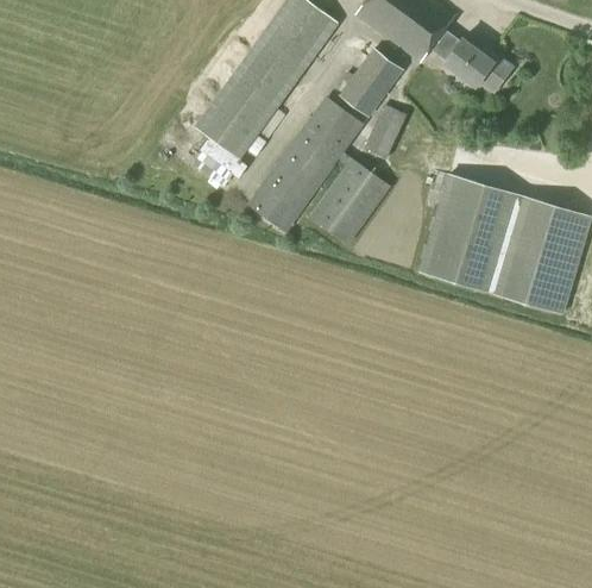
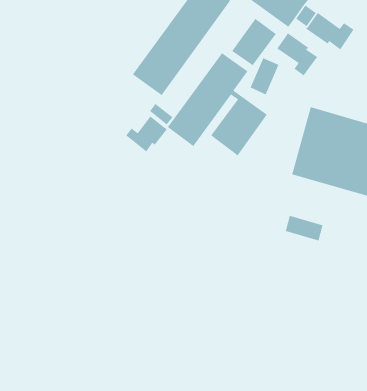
building: none -> [276,32,318,76]
building: none -> [125,116,168,153]
building: none -> [285,215,324,241]

